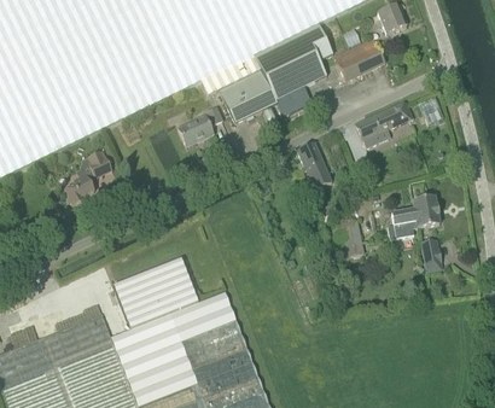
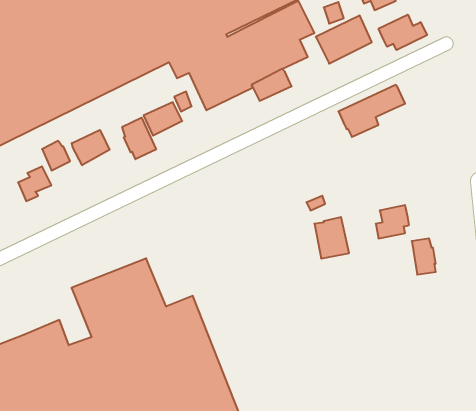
building: none -> [379,15,427,50]
building: none -> [122,118,156,159]
building: none -> [72,130,110,165]
building: [297,141,331,188] -> none
building: [412,196,439,226] -> none

